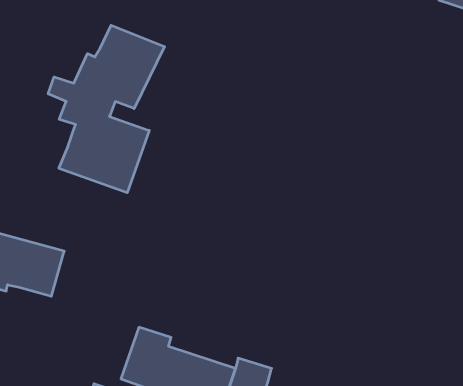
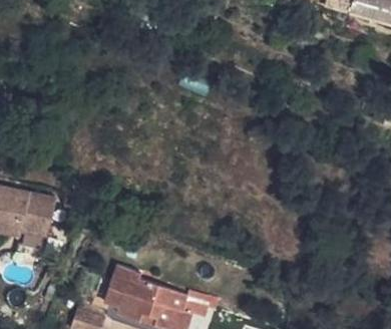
building: [48,25,165,193] -> none

